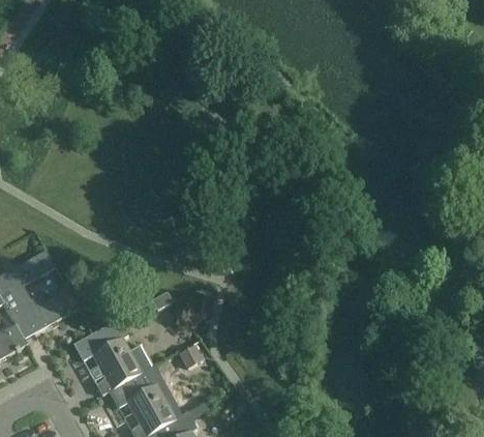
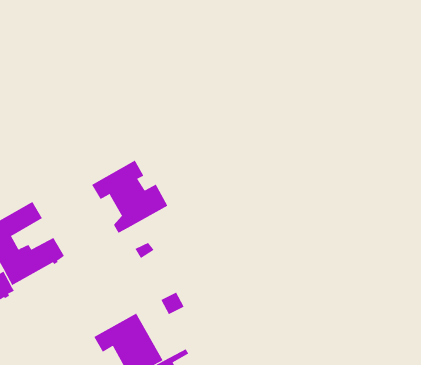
building: [72,319,152,396] -> [91,160,168,234]

